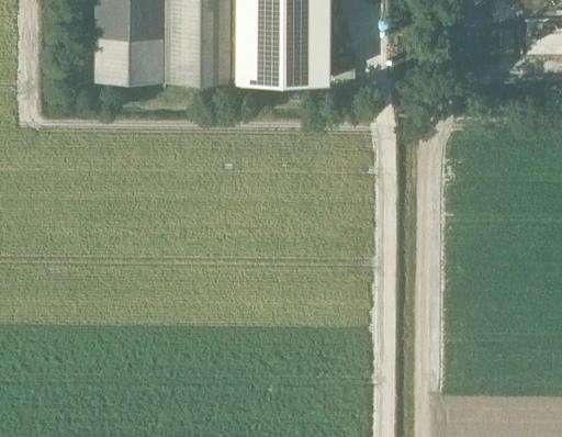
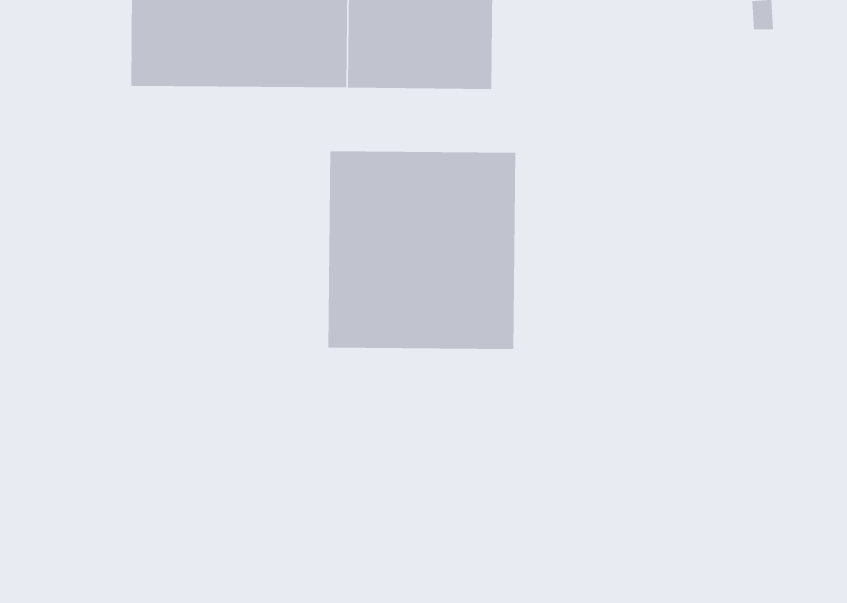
building: none -> [328,150,516,350]

